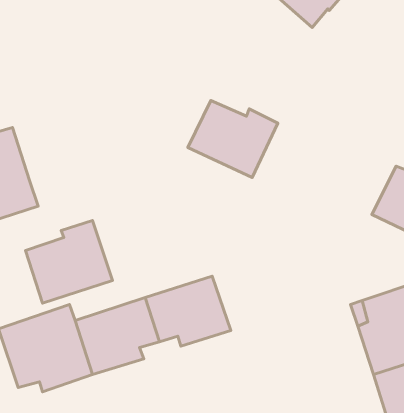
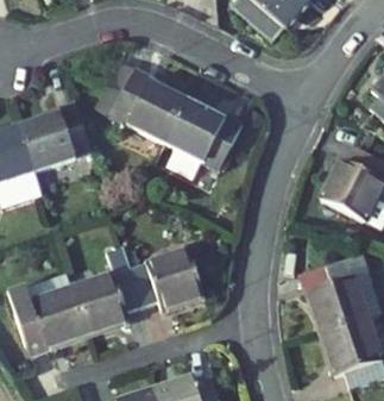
building: none -> [112,69,185,143]
building: [25,220,112,303] -> [20,101,93,170]

